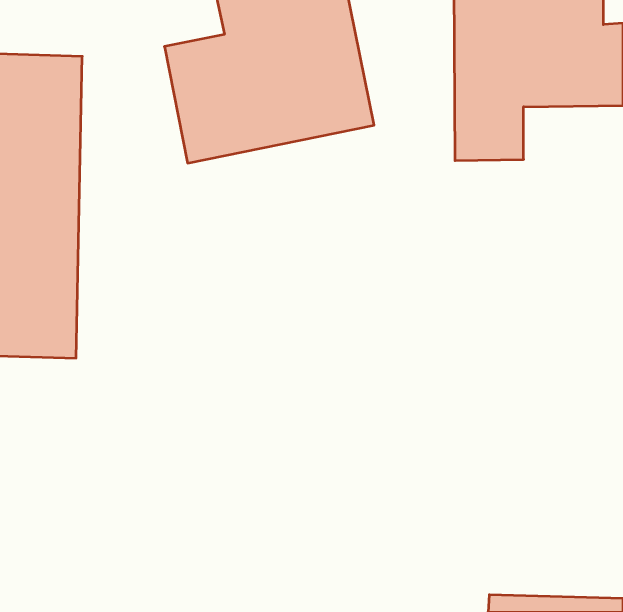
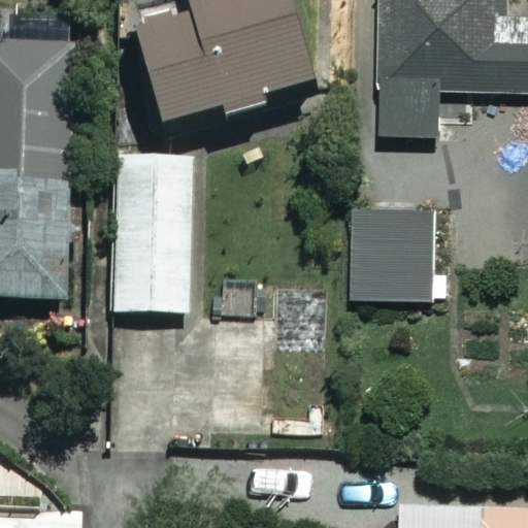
building: none -> [113,155,190,314]
building: none -> [356,209,431,298]

